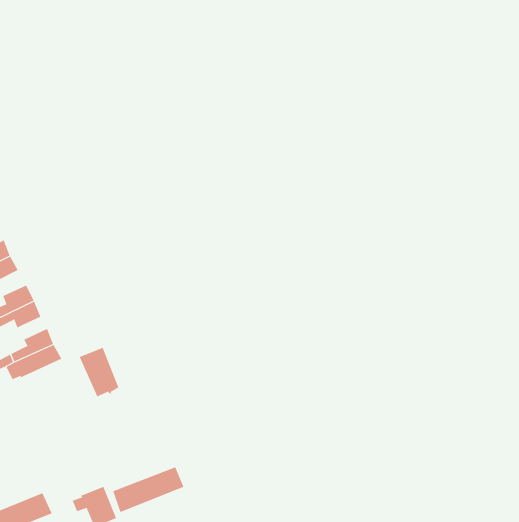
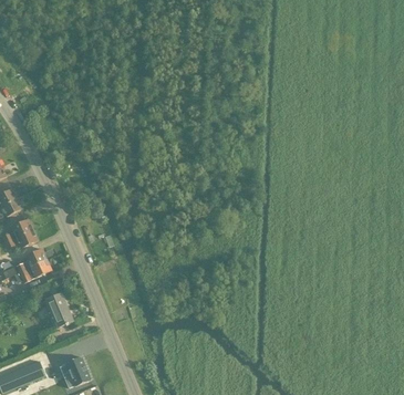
building: [79,347,119,397] -> [44,292,72,326]
building: [113,466,184,513] -> none

